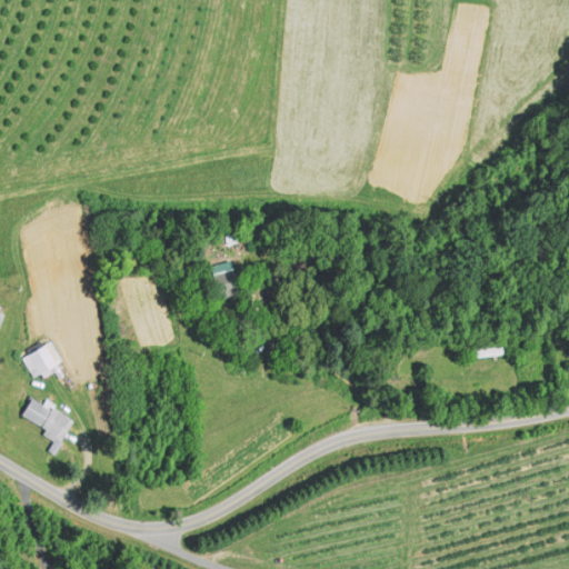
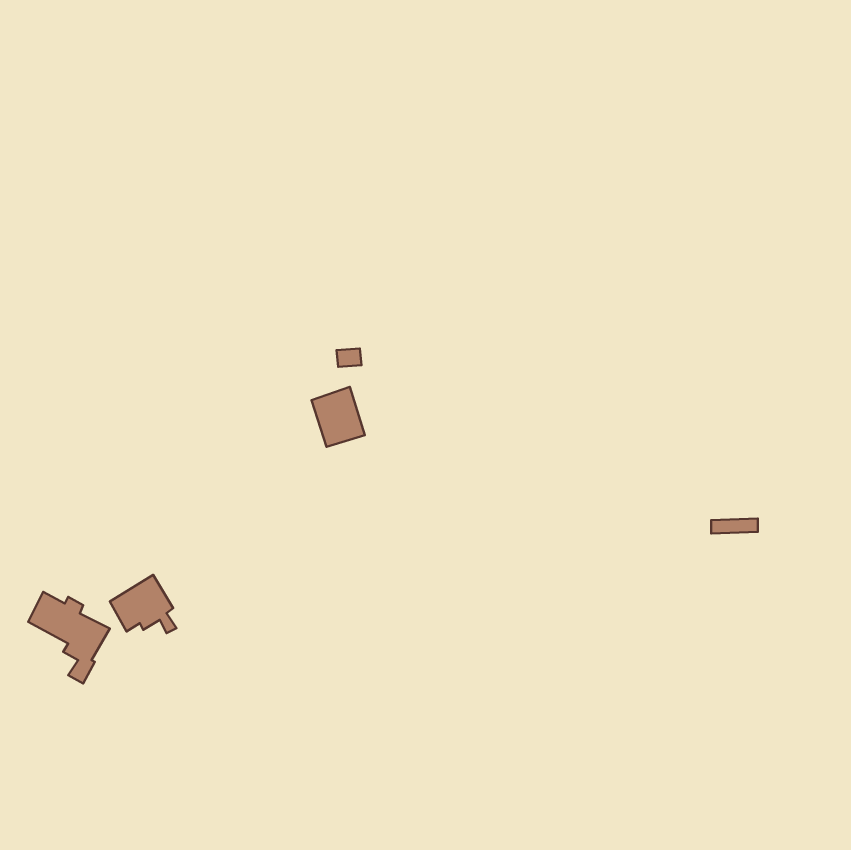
building: [22,340,67,379] -> [110,575,176,633]

